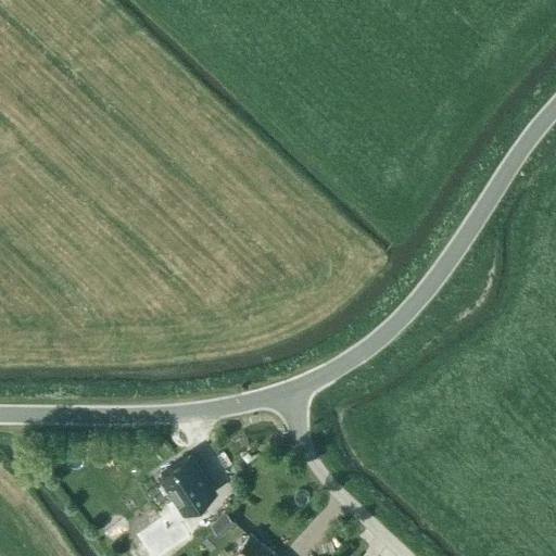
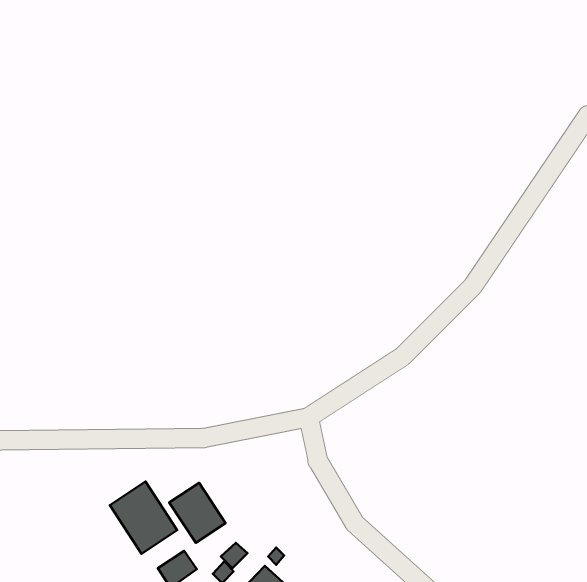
building: none -> [110,482,177,554]

